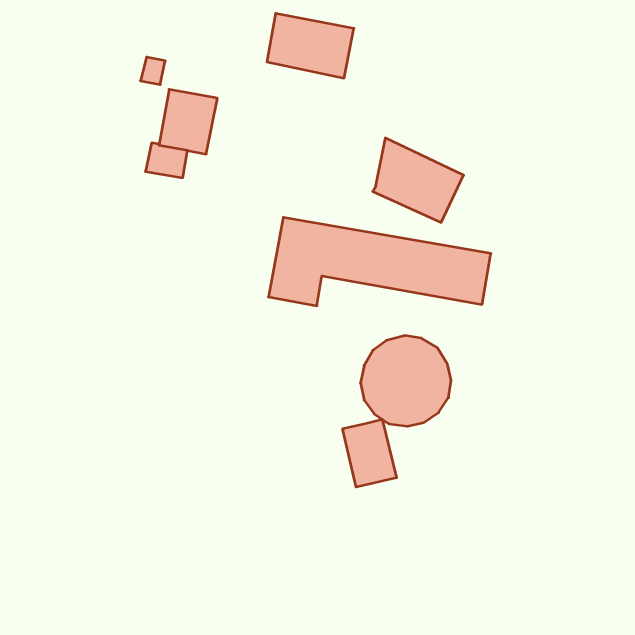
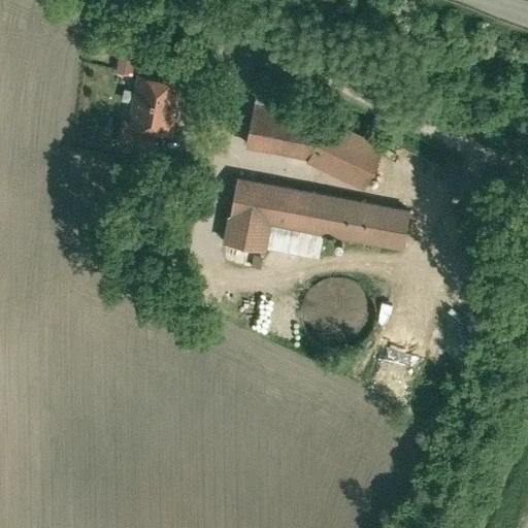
building: [267,13,354,78] -> [248,102,320,156]
building: [343,419,397,487] -> none

